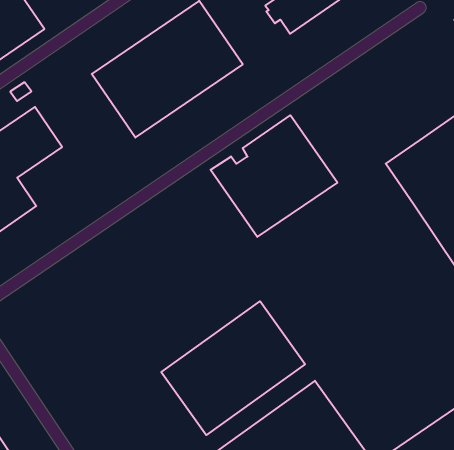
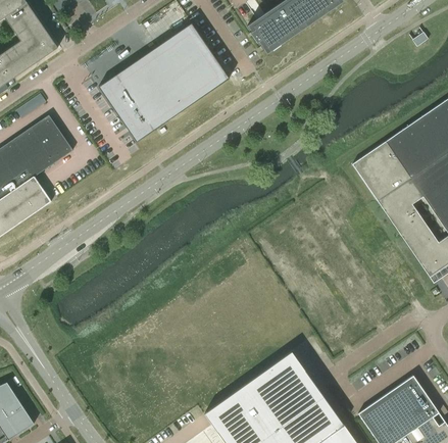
building: [211,115,337,237] -> none
building: [161,301,305,435] -> none

